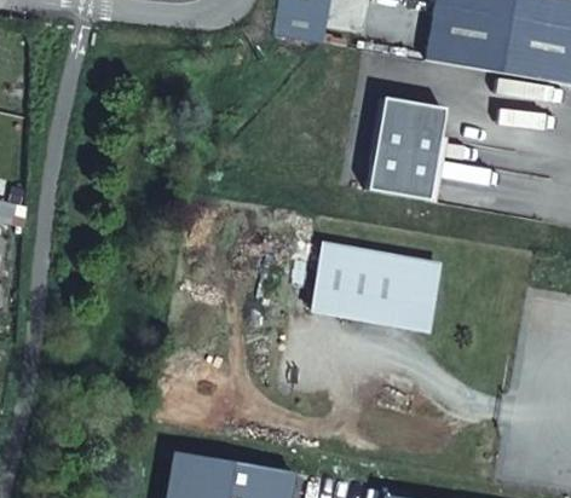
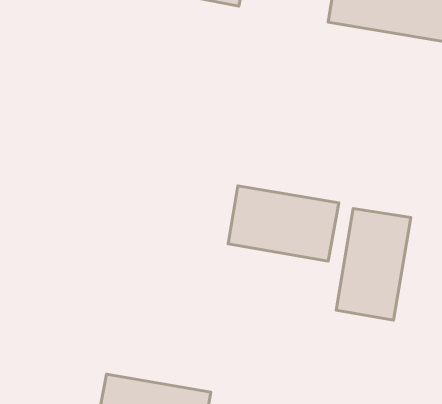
building: [368,97,443,199] -> none
building: none -> [336,209,411,320]

